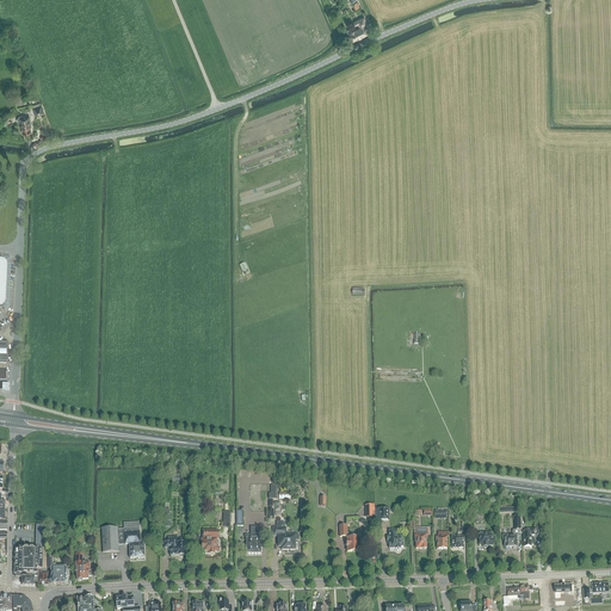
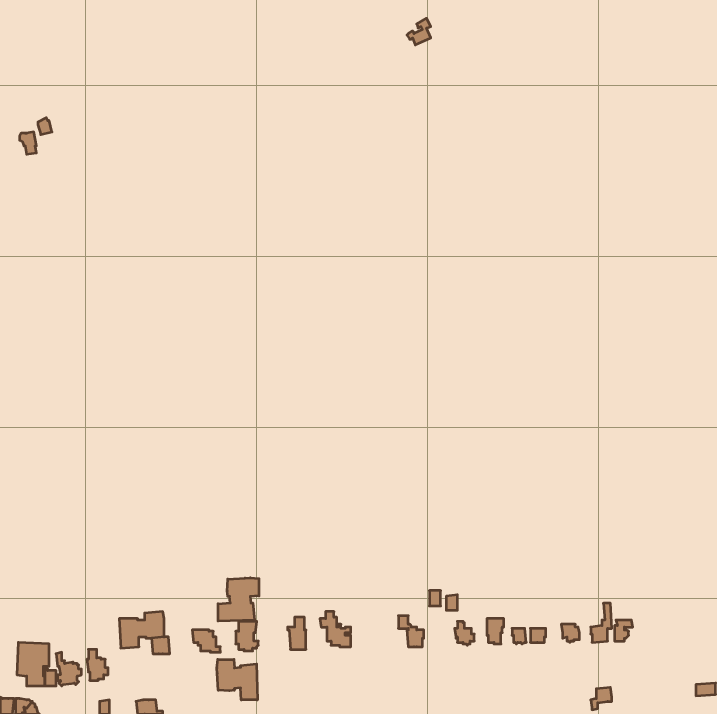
building: none -> [218,578,259,621]
building: none -> [217,659,257,700]

